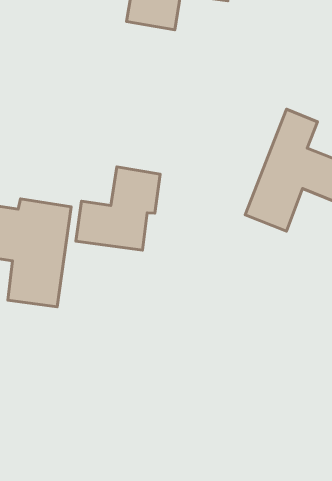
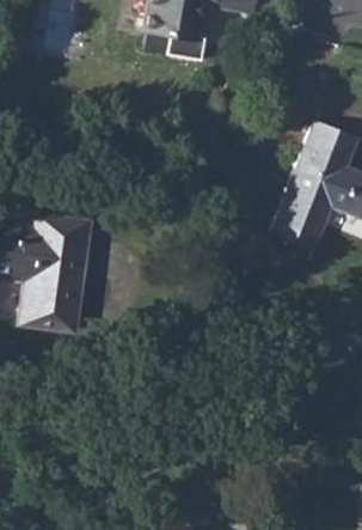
building: [76,167,160,250] -> none

